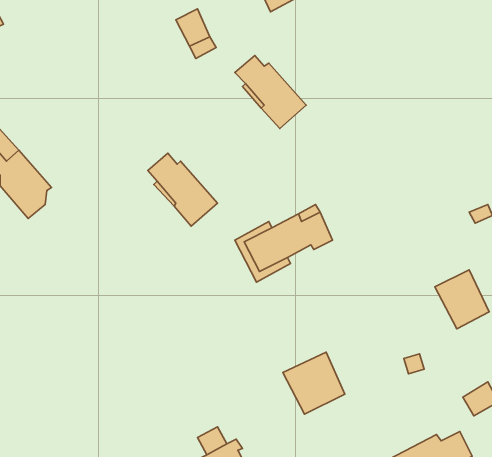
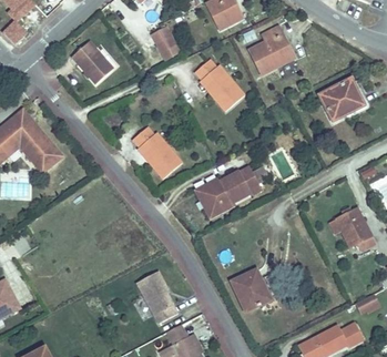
building: none -> [243,26,285,75]
building: none -> [67,40,110,83]
building: none -> [320,76,366,120]
building: none -> [140,267,182,320]

